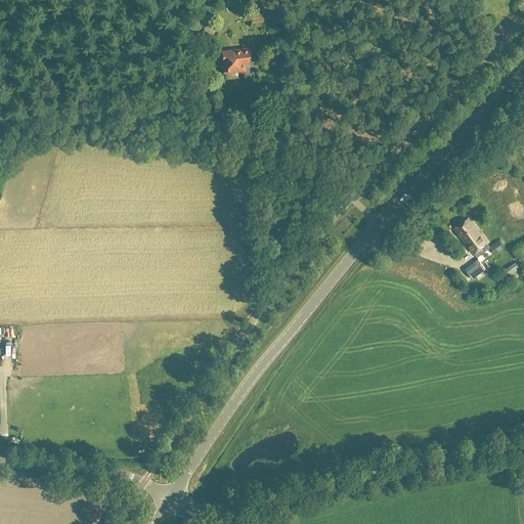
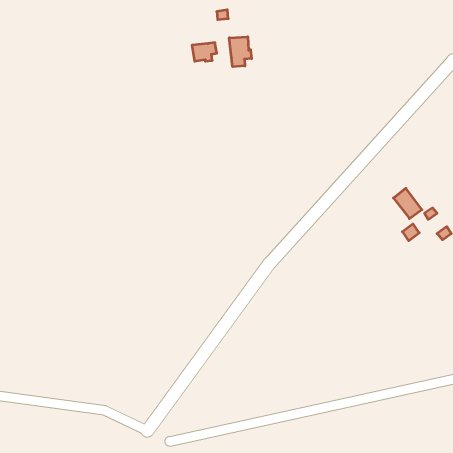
building: none -> [229,37,252,67]

